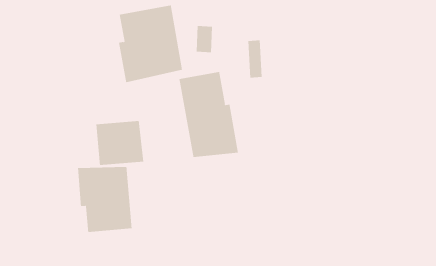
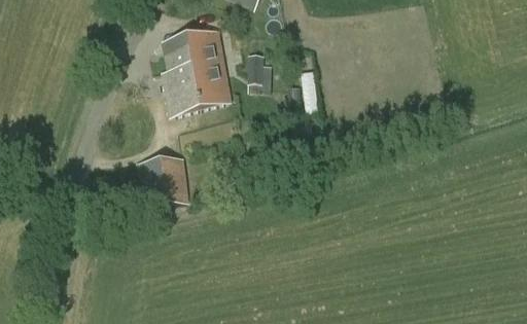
building: [179,71,238,158] -> none
building: [78,166,132,233] -> none

